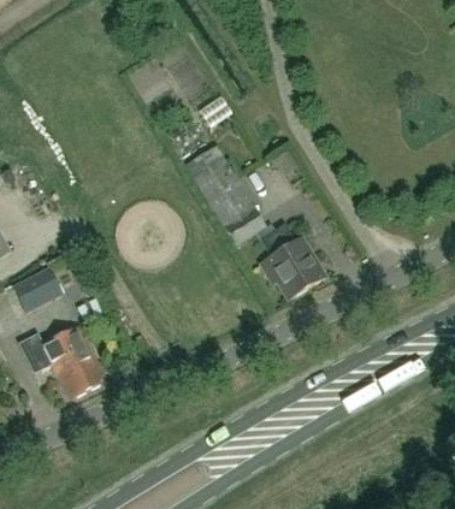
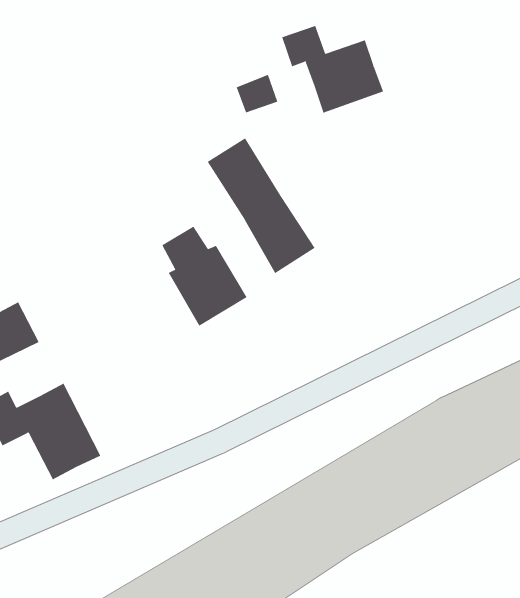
building: none -> [282,25,384,113]
building: [261,224,325,298] -> [161,226,247,326]

